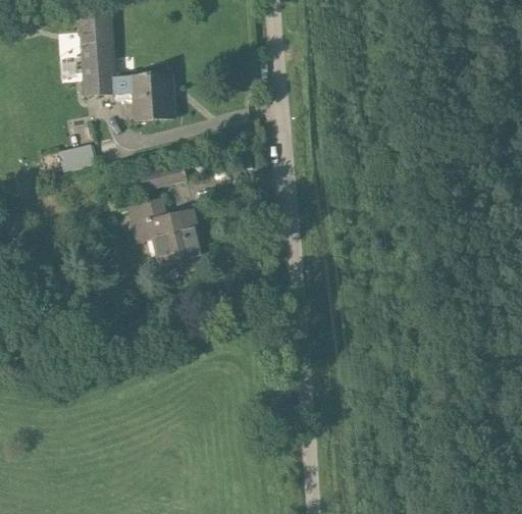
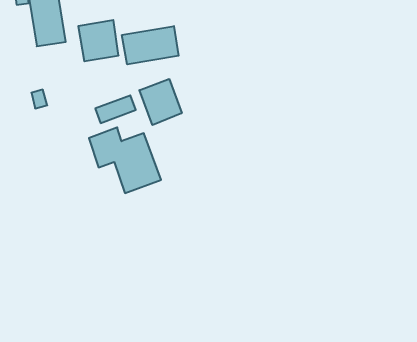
building: none -> [122,26,179,64]
building: none -> [139,79,182,125]

